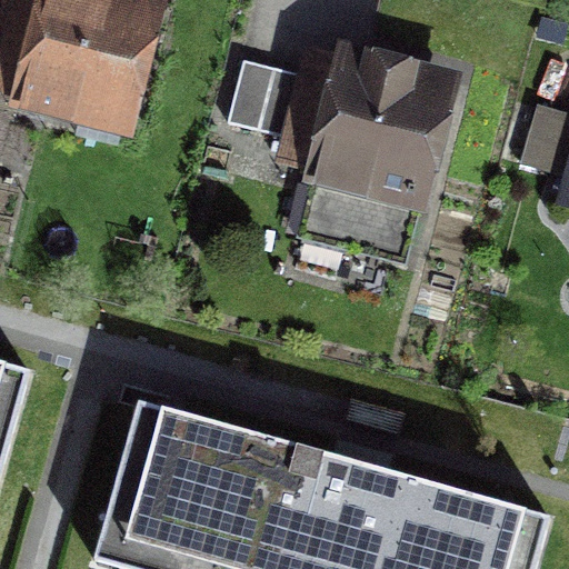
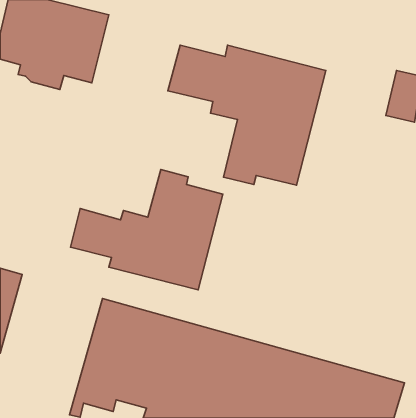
building: none -> [71,170,223,290]

